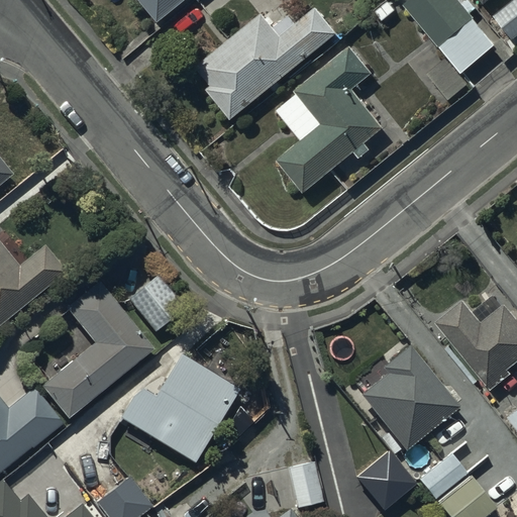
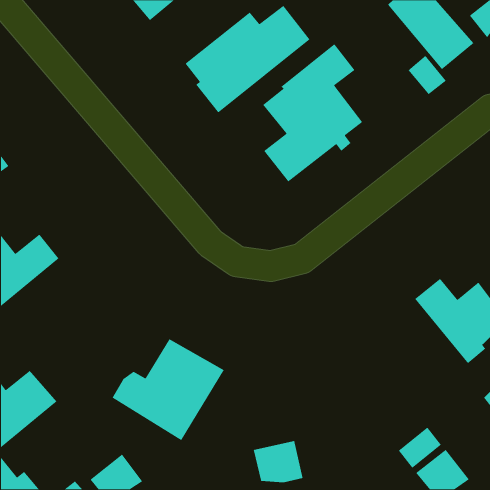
building: [127,274,185,332] -> none
building: [40,283,151,419] -> none
building: [359,339,456,442] -> none
building: [358,451,416,510] -> none

